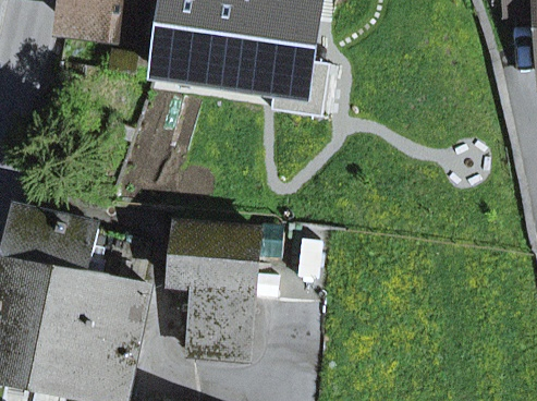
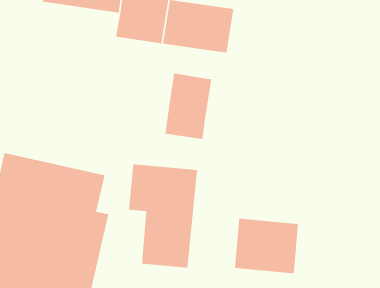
building: none -> [165,73,212,140]
building: none -> [234,218,298,274]

